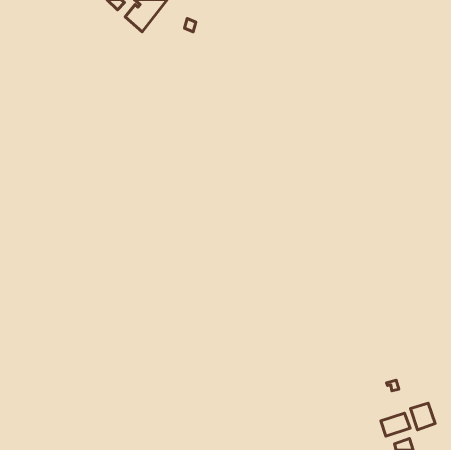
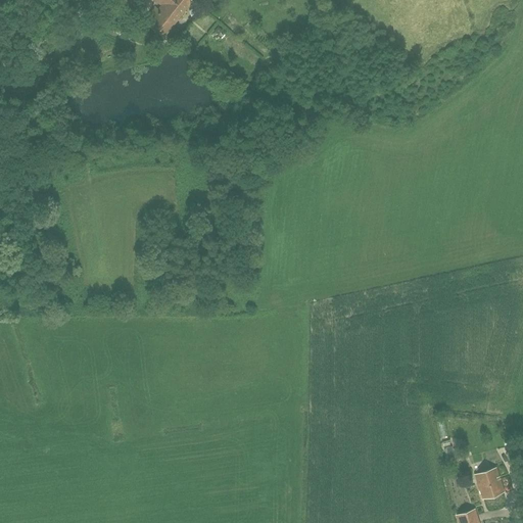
building: [381,413,410,436] -> none

